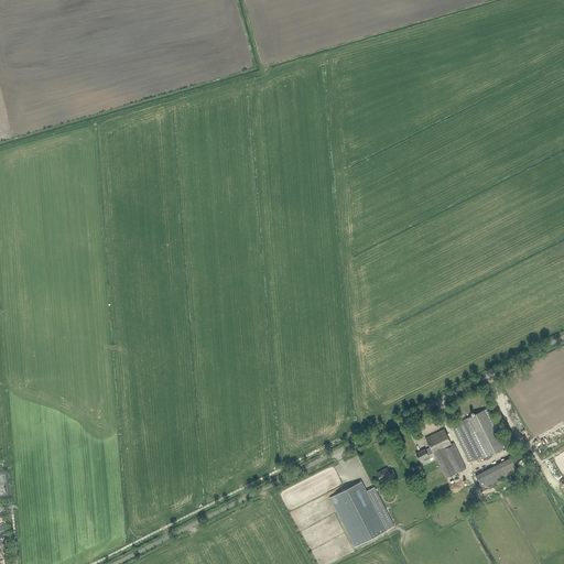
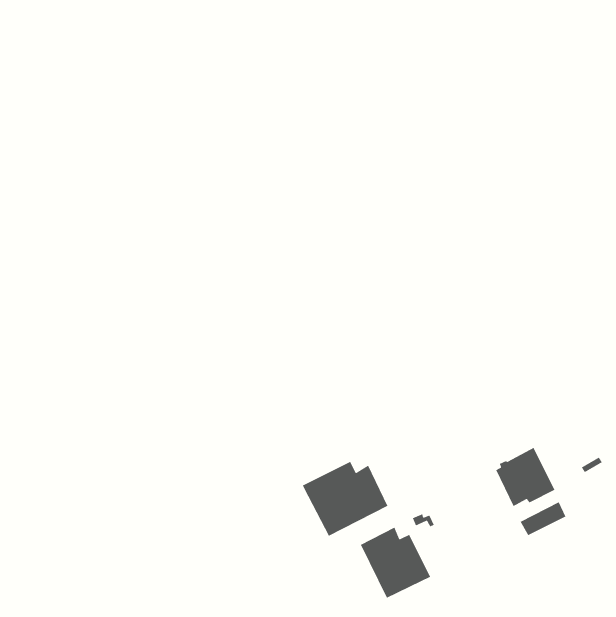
building: none -> [302,461,388,537]
building: [415,429,466,479] -> none

